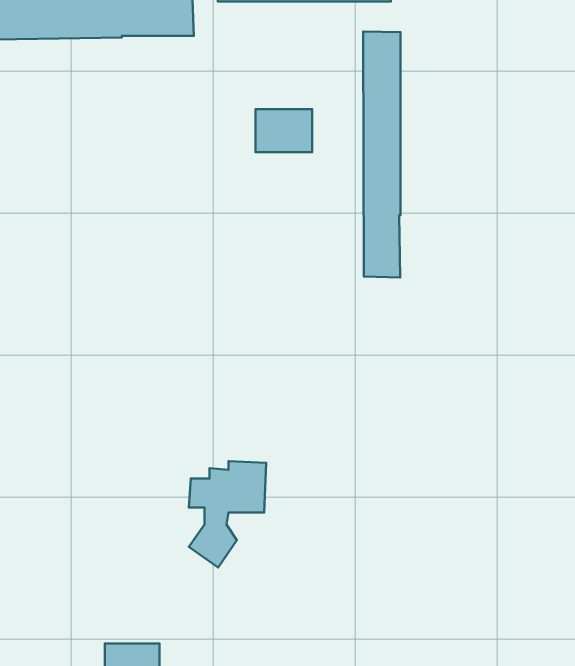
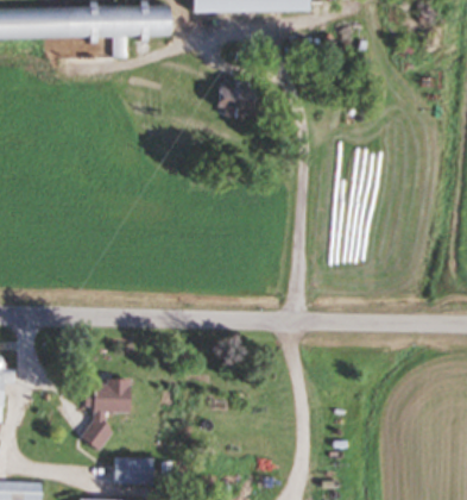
building: [363,31,401,277] -> none
building: [189,461,266,567] -> [80,379,133,452]

